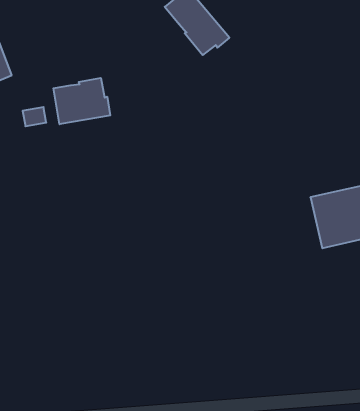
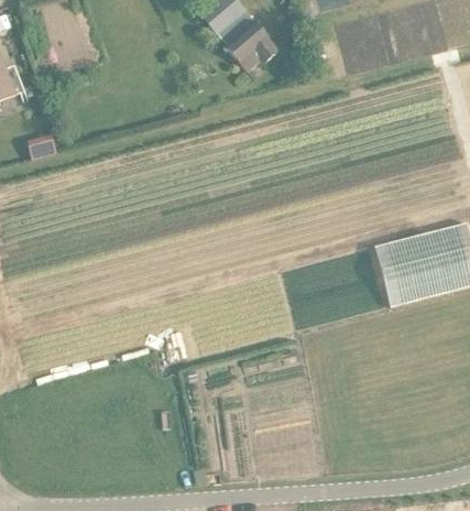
building: [53,78,110,124] -> none

